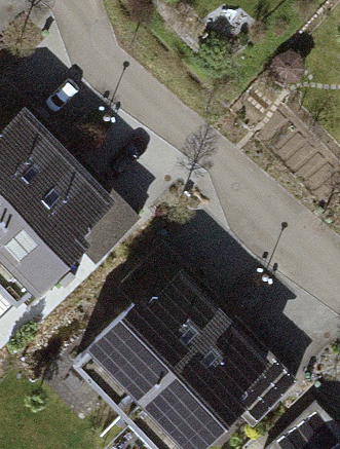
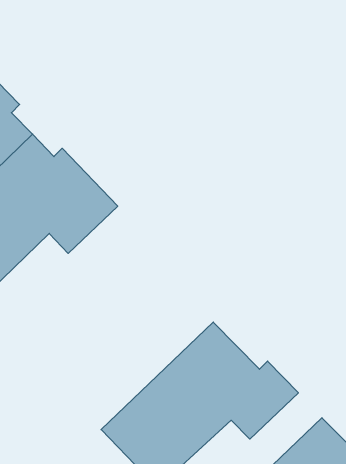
building: [74,277,222,415] -> none

